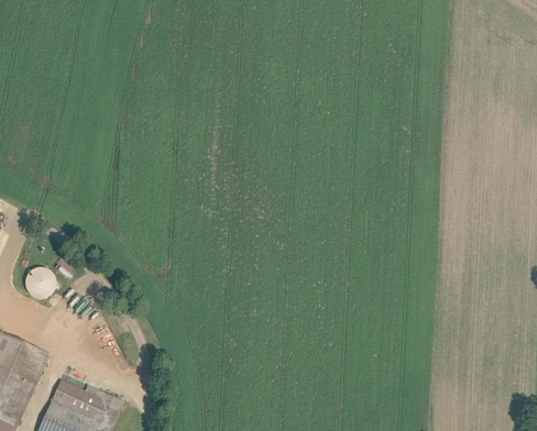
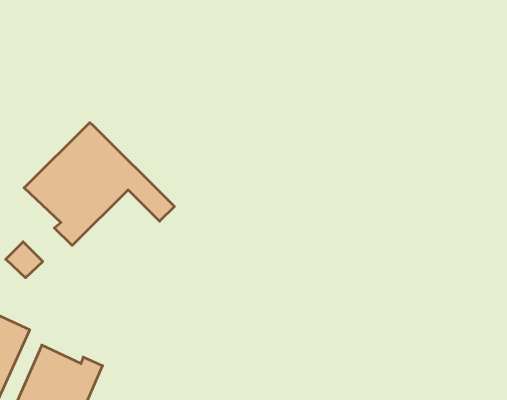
building: none -> [24,123,174,245]

